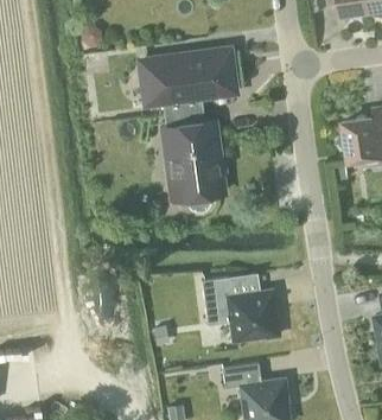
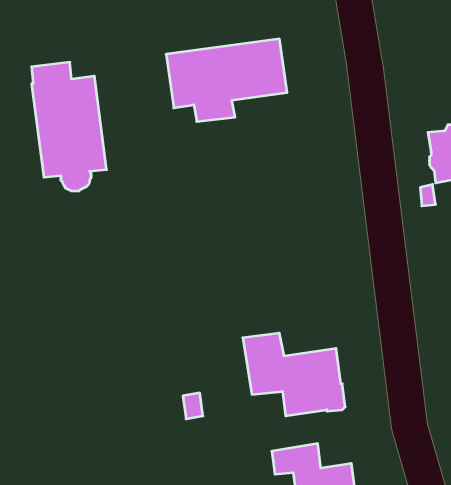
building: [165,110,223,210] -> [32,62,107,191]

